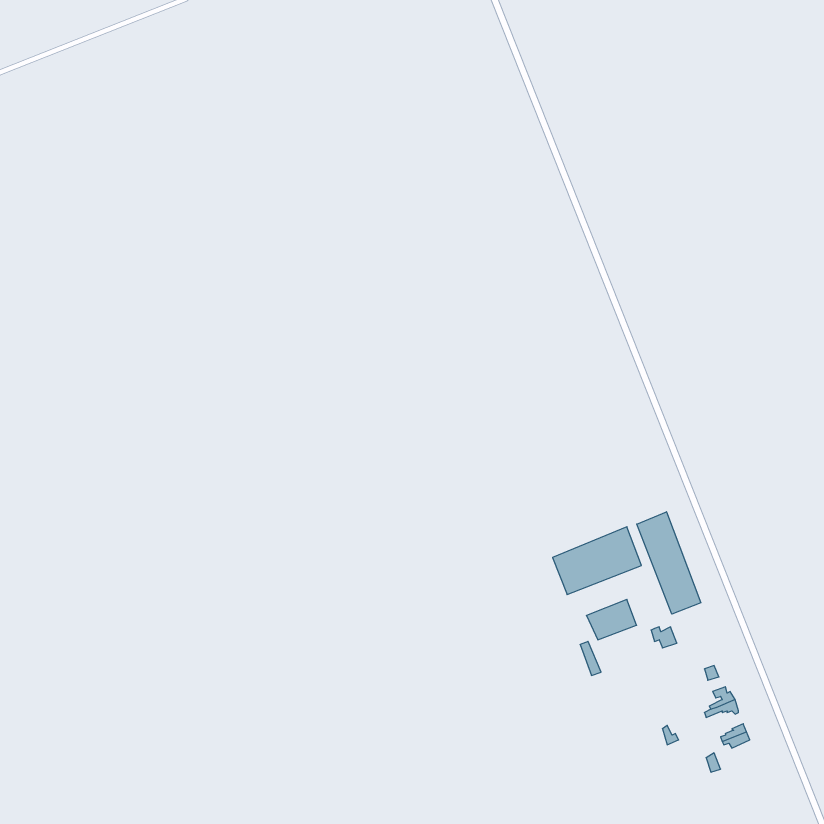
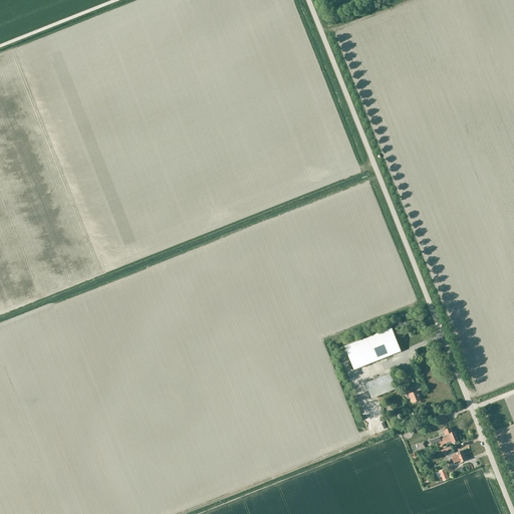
building: [637,512,701,614] -> none

